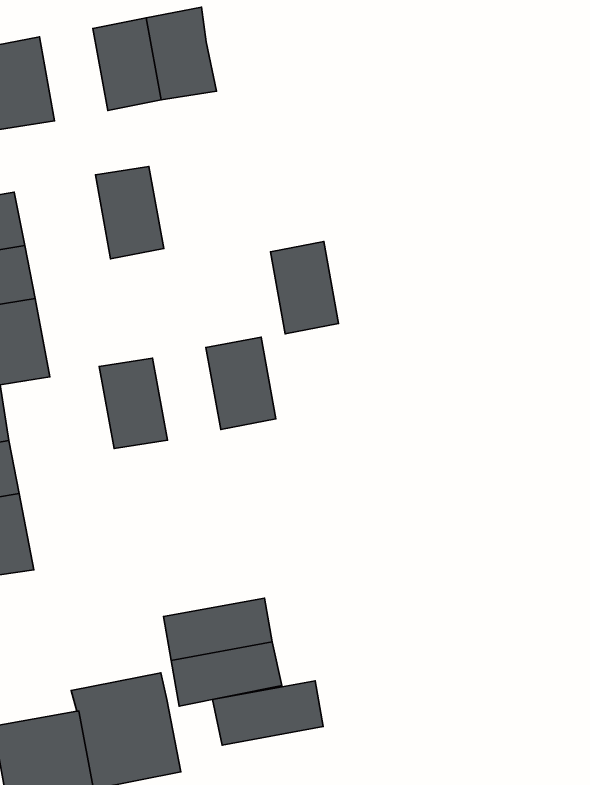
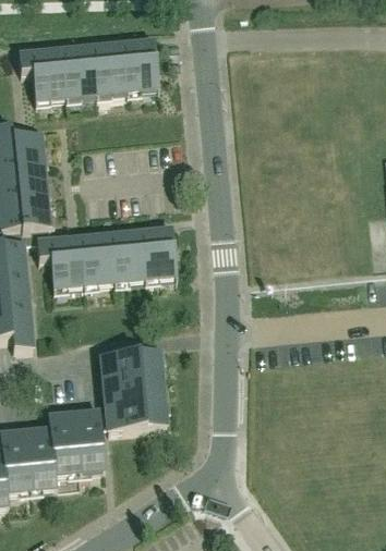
building: [96,166,164,259] -> [61,46,96,96]
building: [270,241,339,334] -> [109,231,144,281]
building: none -> [36,236,83,286]
building: [212,681,323,745] -> [99,348,160,380]

